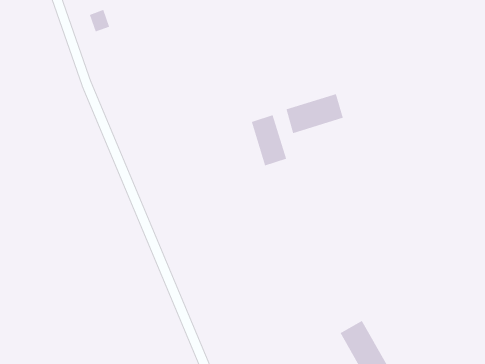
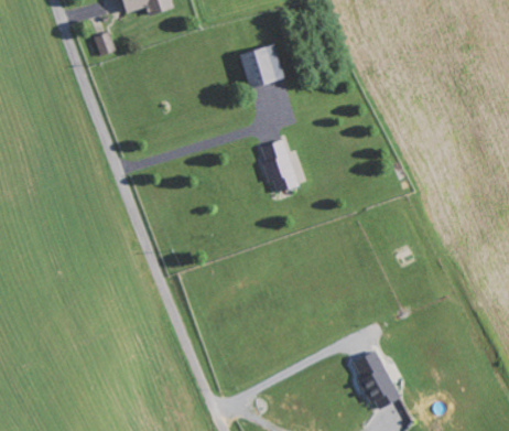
building: none -> [240,44,284,87]
building: [286,93,344,134] -> none

